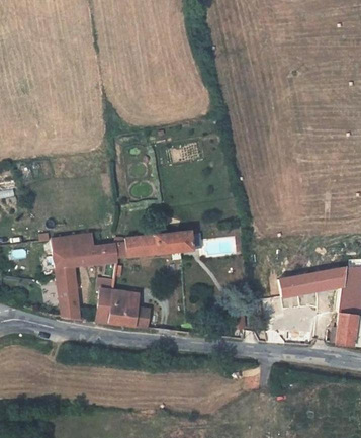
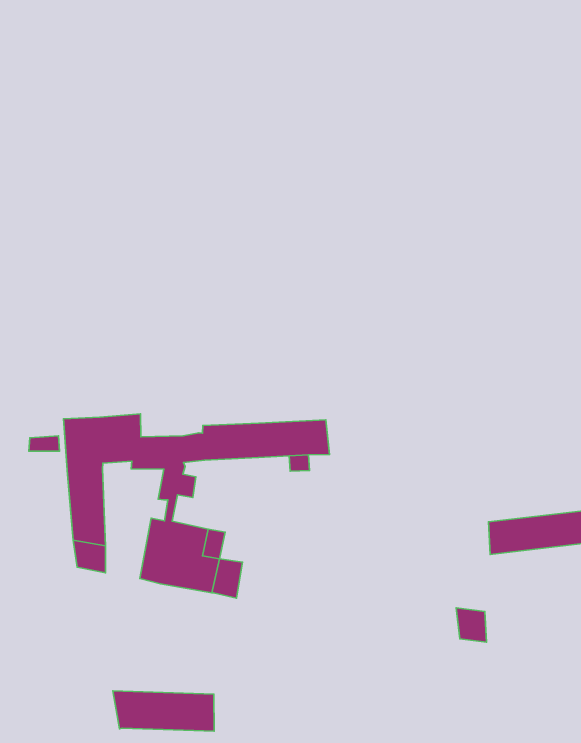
building: none -> [113,691,214,731]

